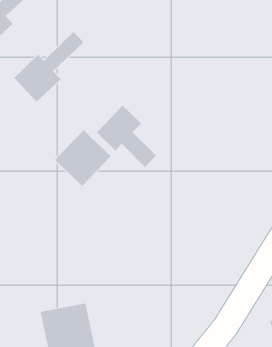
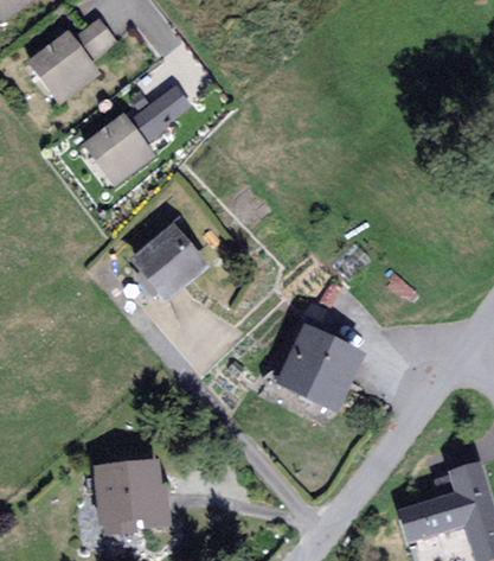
building: [96,105,157,168] -> none
building: none -> [277,320,366,407]

